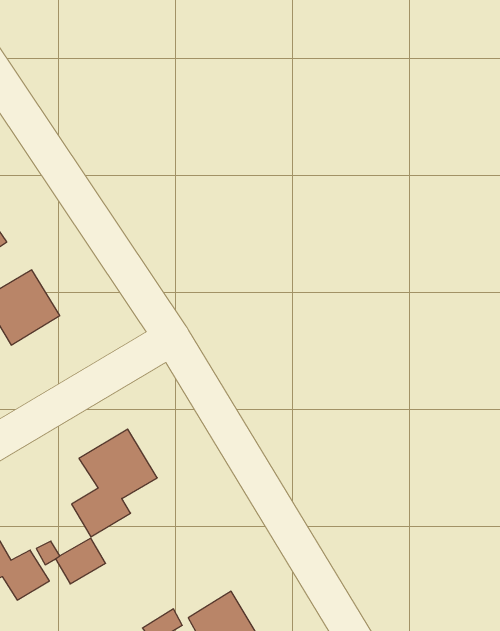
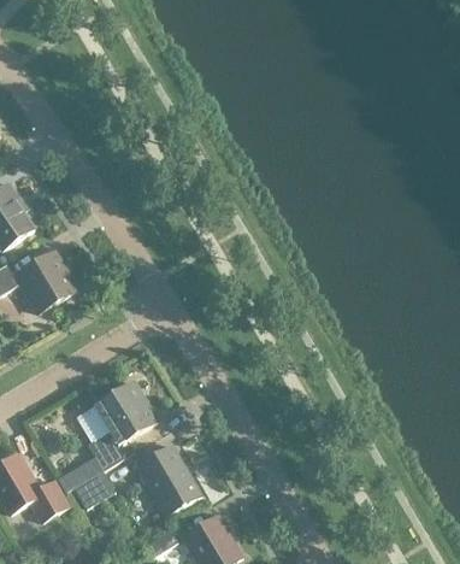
building: none -> [136,443,201,515]

